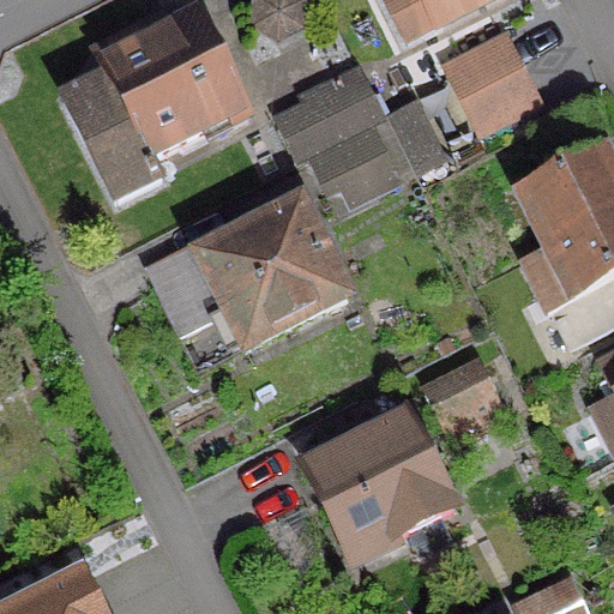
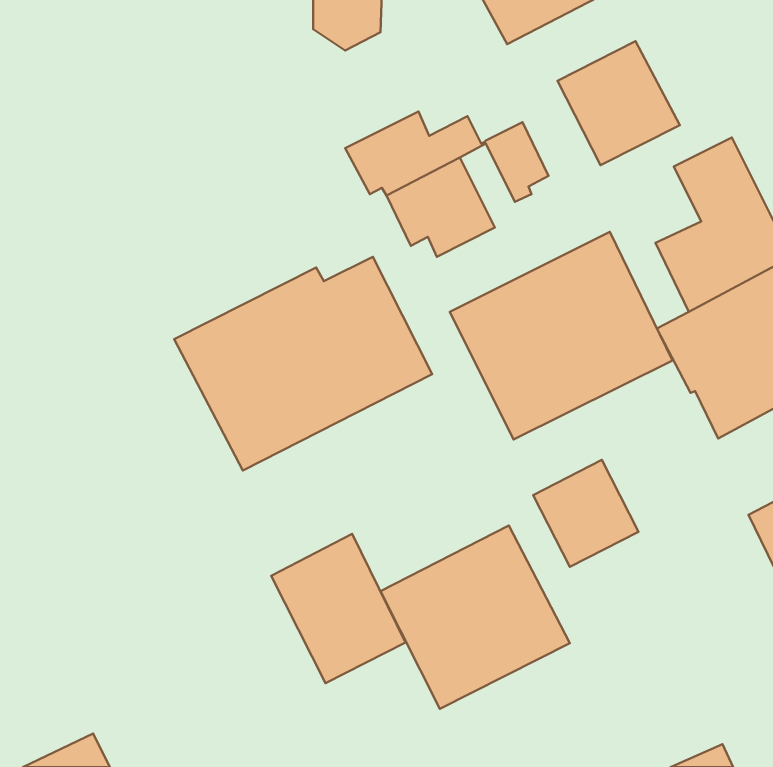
building: [62,13,245,198] -> none
building: none -> [450,232,673,439]
building: none -> [271,534,406,683]

